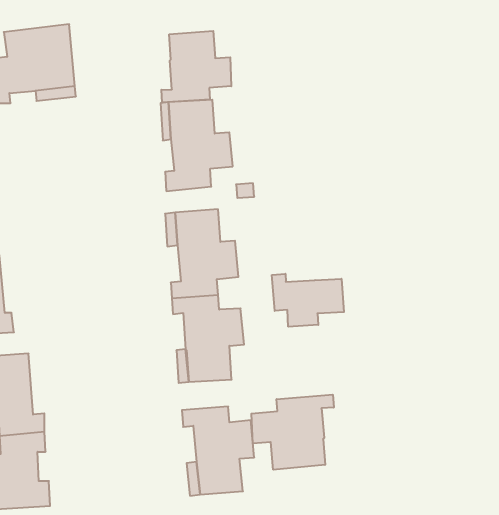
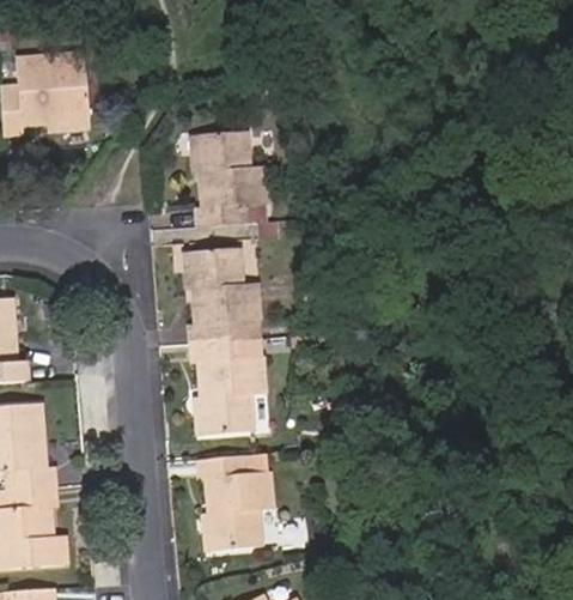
building: [161,31,231,102] -> none
building: [272,274,344,327] -> none
building: [251,395,334,470] -> none

